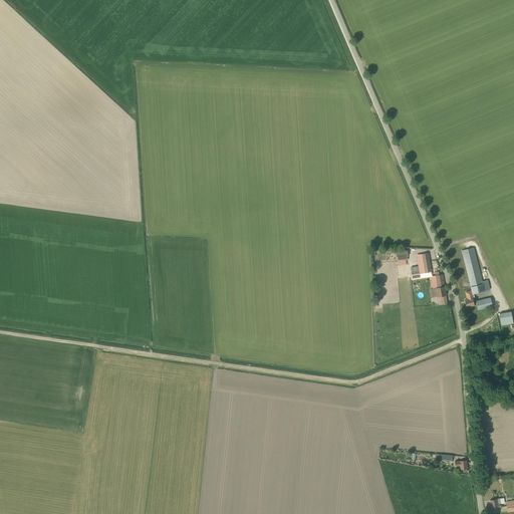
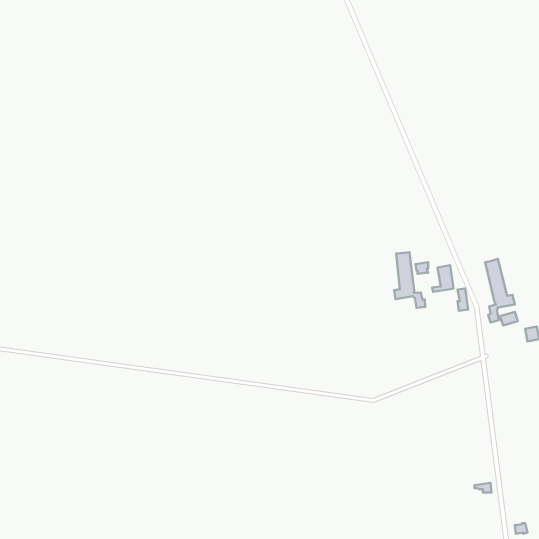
building: none -> [394,252,425,308]

